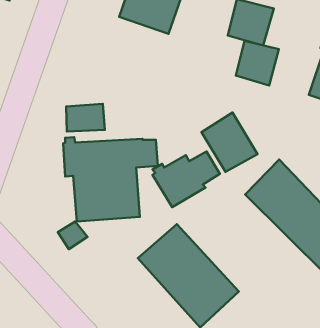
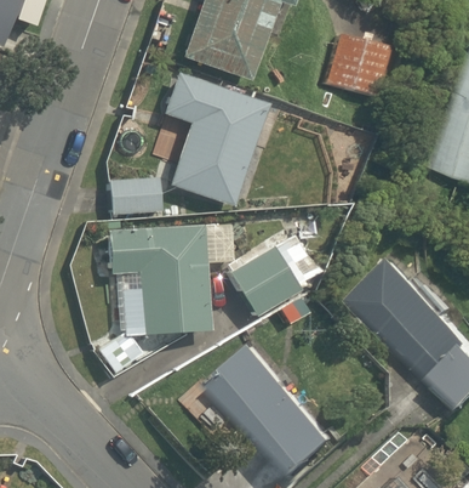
building: none -> [161,72,268,205]
building: [236,41,279,85] -> none
building: [201,112,257,172] -> none

